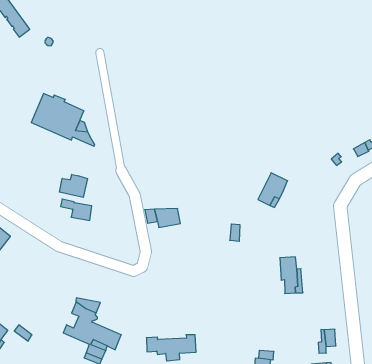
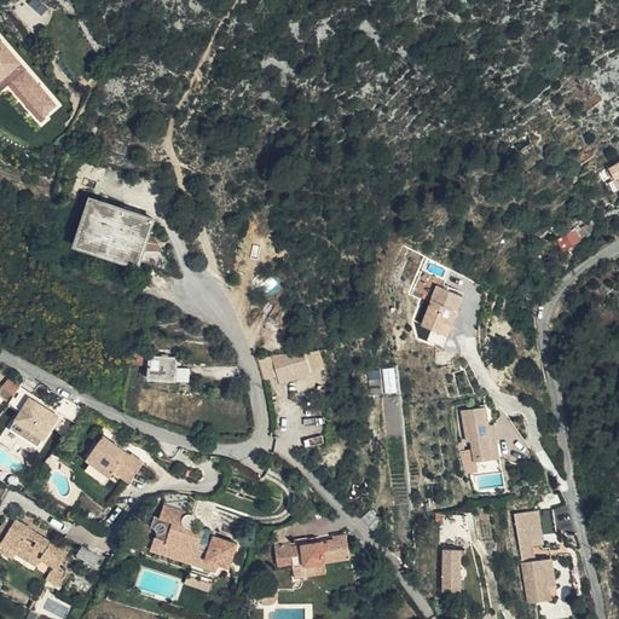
building: [59,174,88,197] -> none
building: none -> [85,438,143,485]
building: none -> [511,511,532,548]

